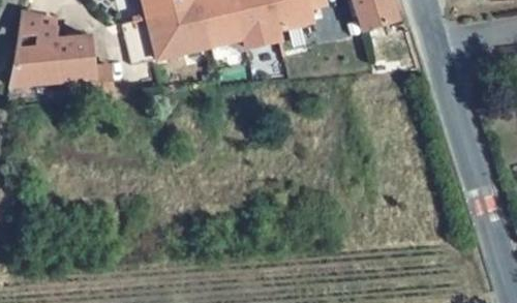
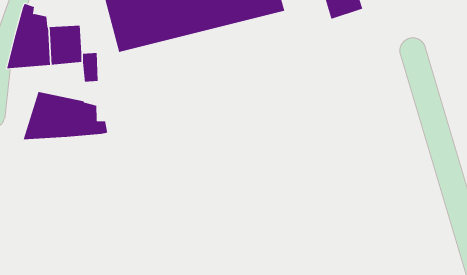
building: none -> [23,91,108,140]

